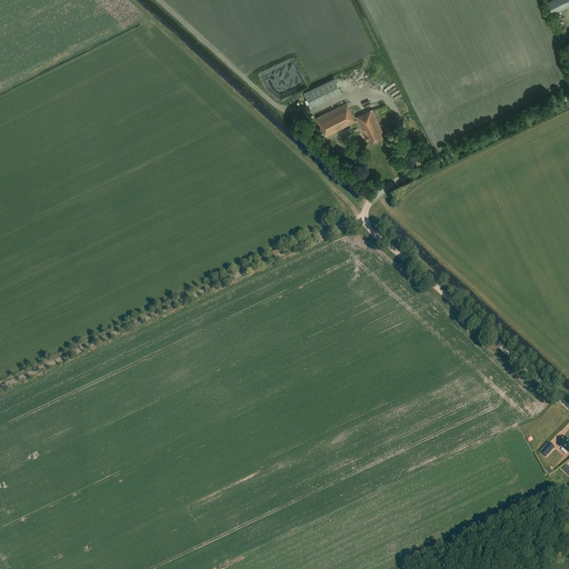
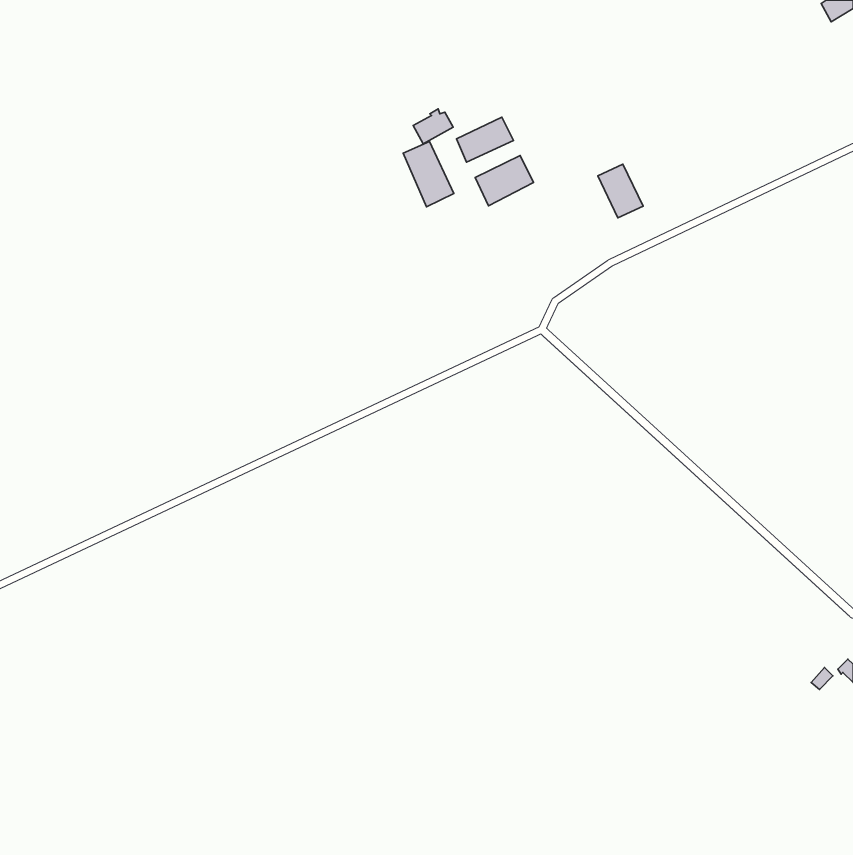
building: none -> [403,141,454,207]
building: [355,109,385,144] -> [598,164,643,218]

